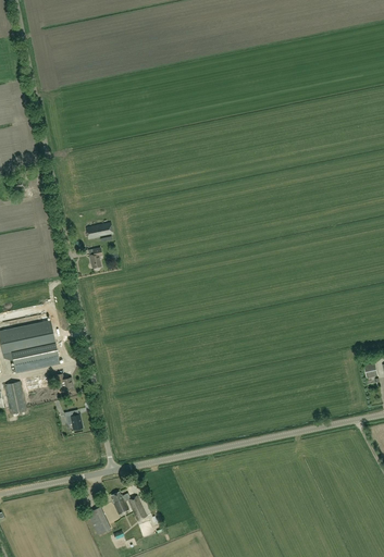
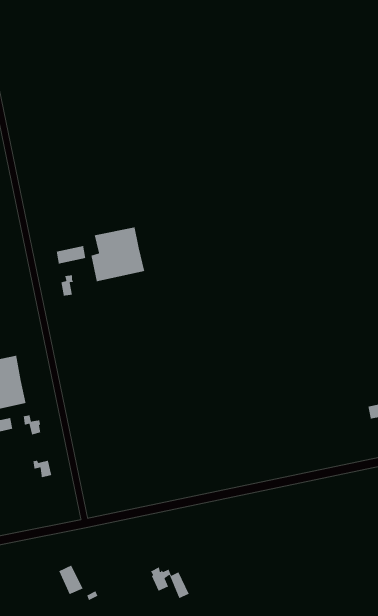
building: none -> [90,227,145,282]
building: [111,492,147,521] -> [150,566,190,599]

